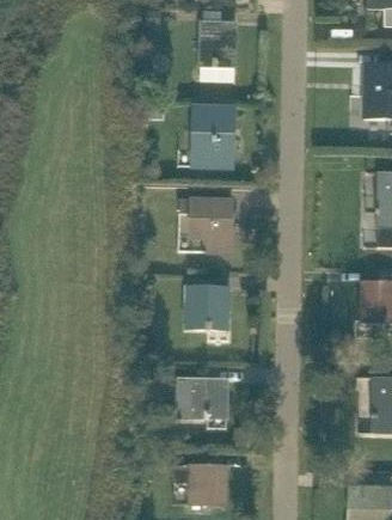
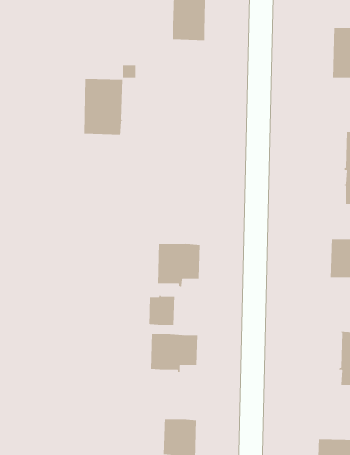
building: [192,106,233,165] -> [83,78,123,135]
building: [178,197,232,251] -> none
building: none -> [148,295,175,330]

